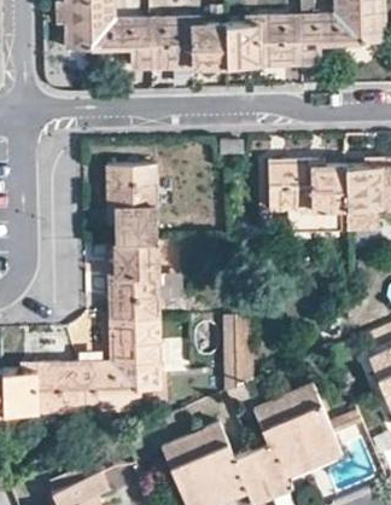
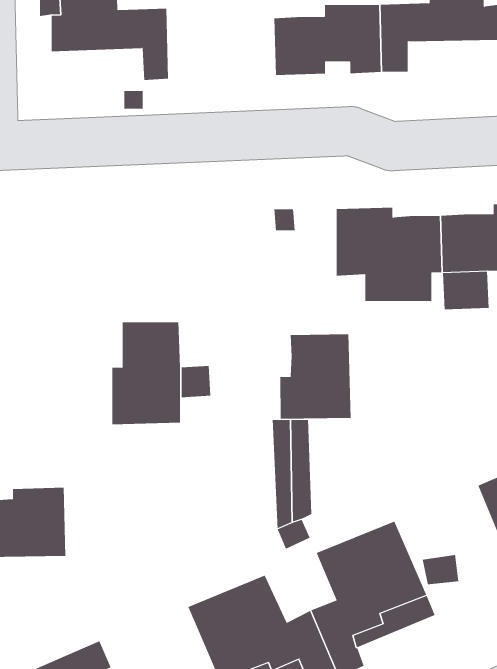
building: [148,17,226,68] -> none
building: [105,163,157,242] -> none
building: none -> [280,334,351,420]
building: [75,314,167,410] -> none

